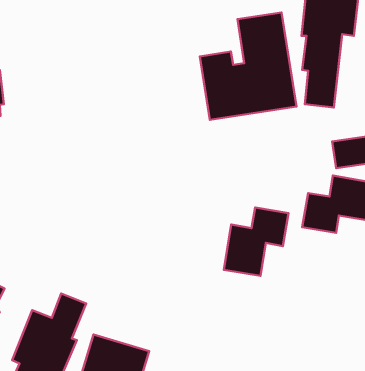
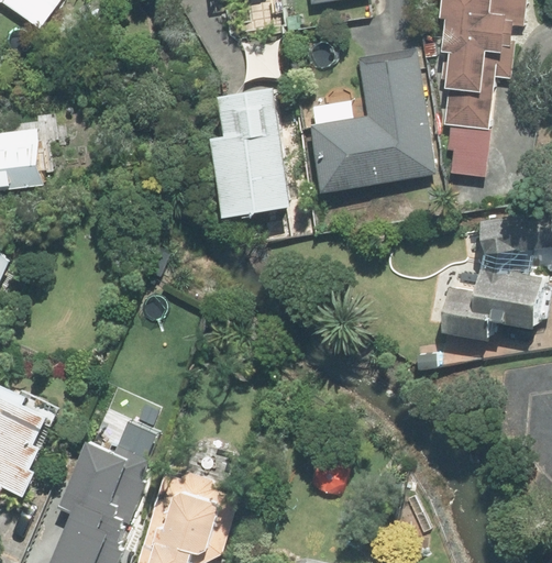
building: none -> [212,88,291,217]
building: [224,207,288,276] -> none

